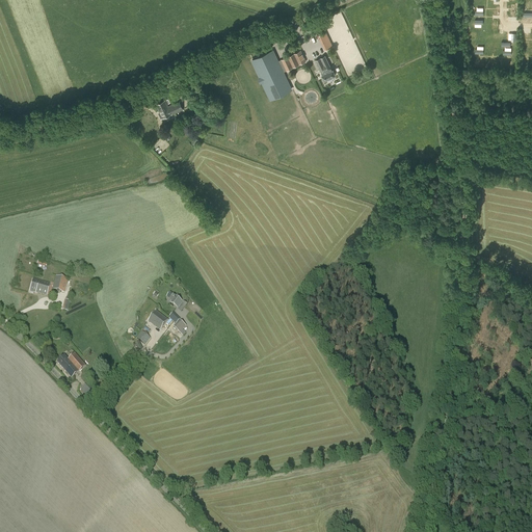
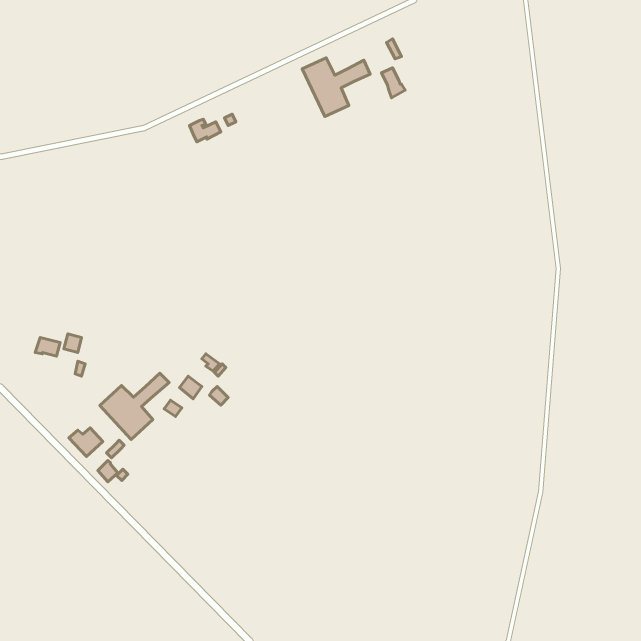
building: none -> [100,373,169,440]

